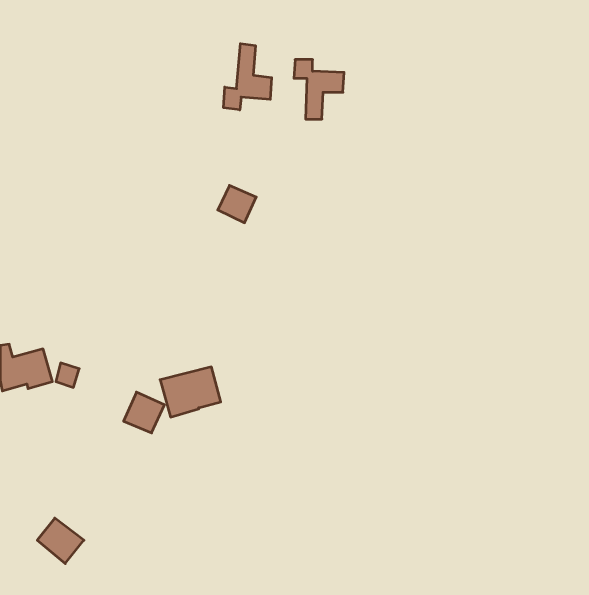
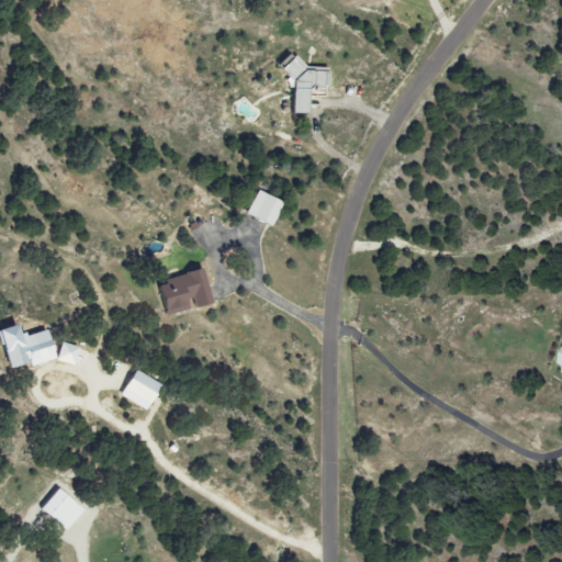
building: [224,44,272,110] -> none
building: [218,185,256,223] -> [247,191,283,226]
building: [160,367,221,417] -> [158,269,215,316]

